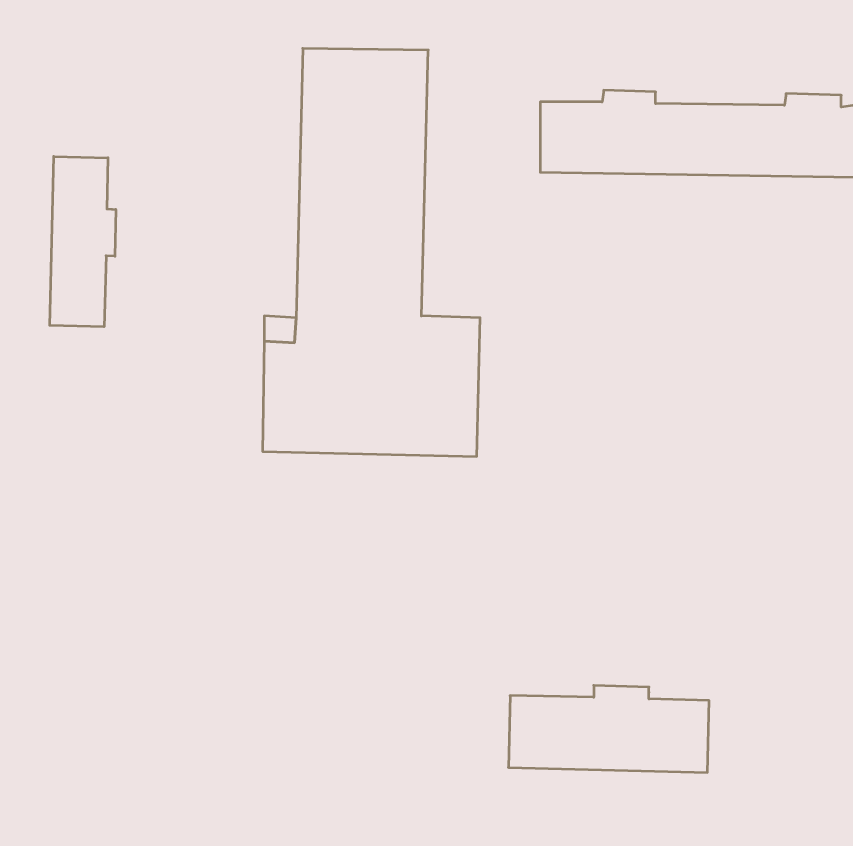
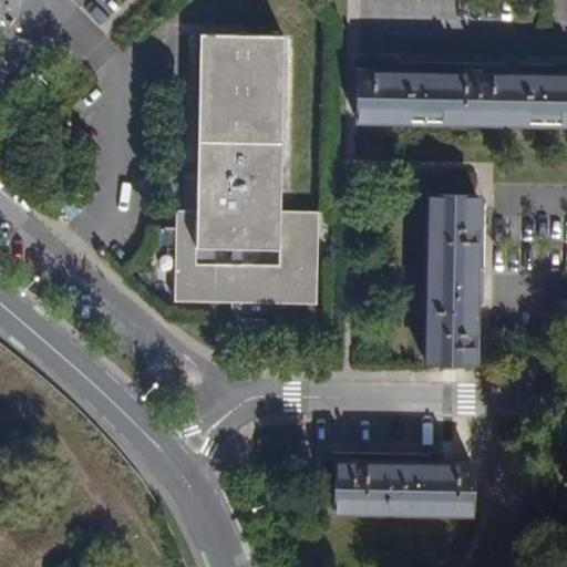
building: [50,156,116,327] -> none
building: none -> [427,202,482,365]

